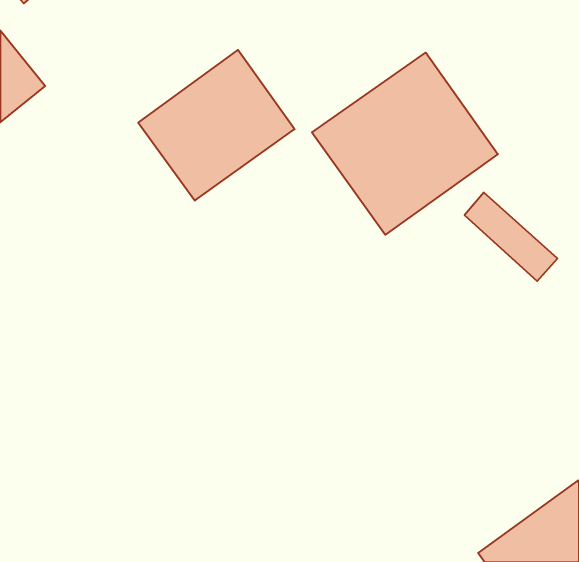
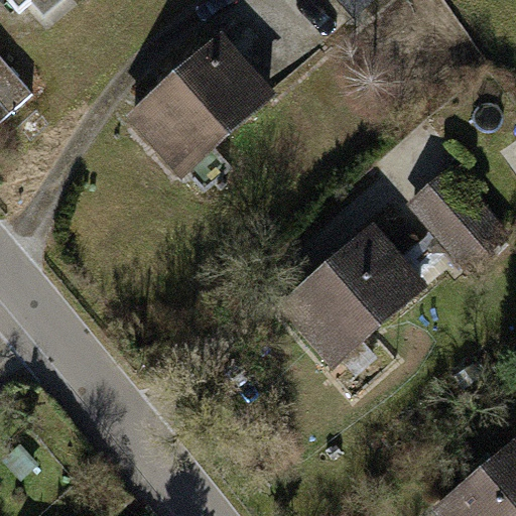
building: [312,53,498,235] -> none
building: none -> [282,240,421,374]

